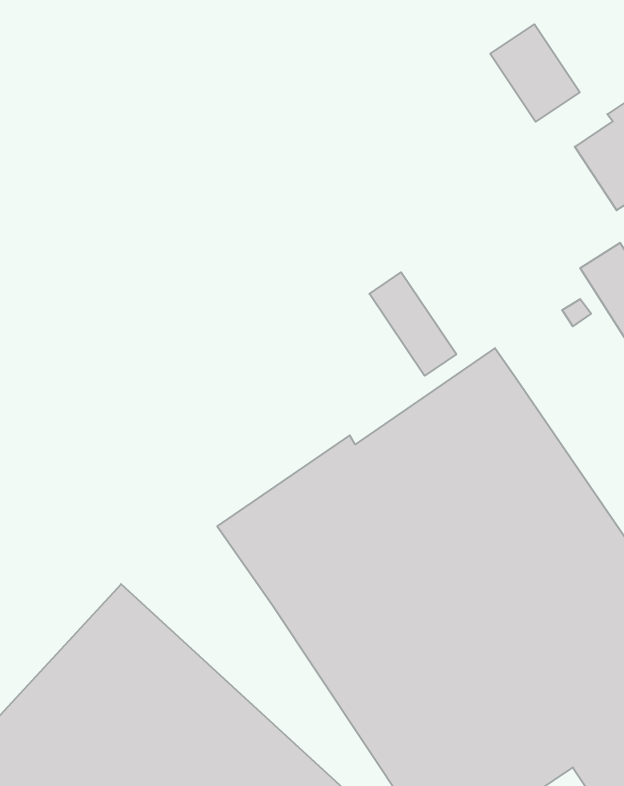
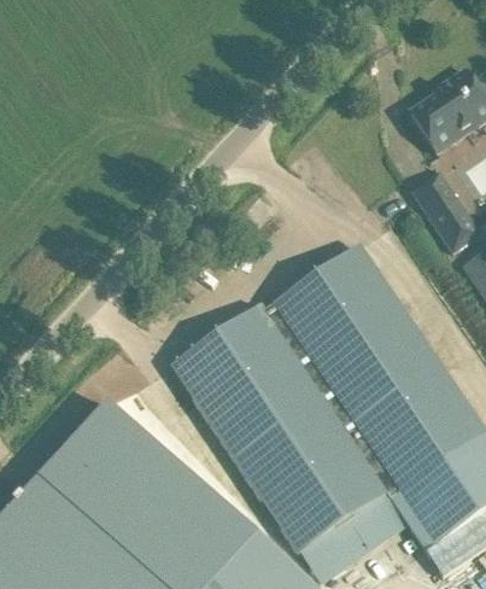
building: [490,24,580,122] -> none
building: [369,272,456,376] -> none

